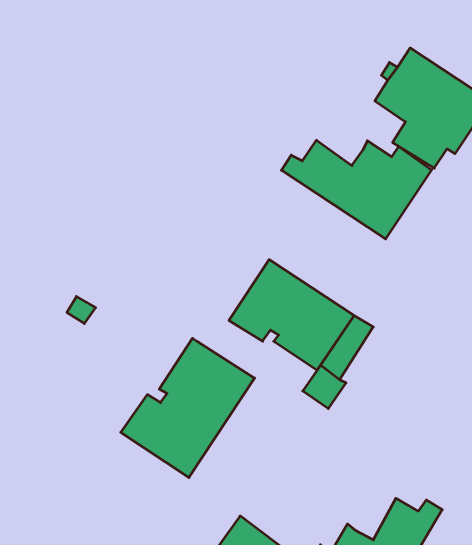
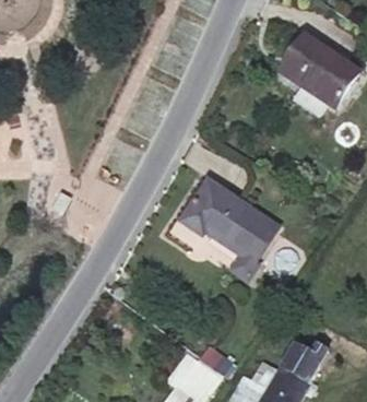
building: [281,140,432,239] -> none
building: [121,338,255,478] -> none

